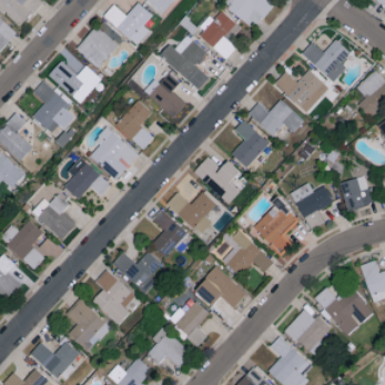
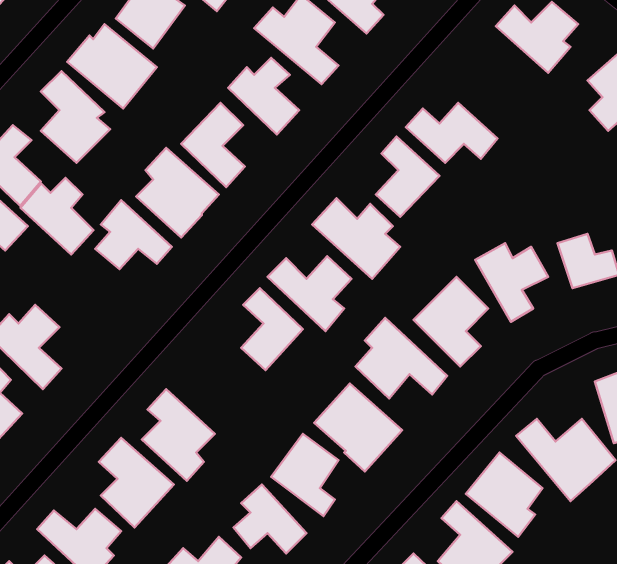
building: [274,70,330,113] -> none
building: [32,194,75,240] -> [21,178,94,254]
building: [112,251,162,294] -> none

